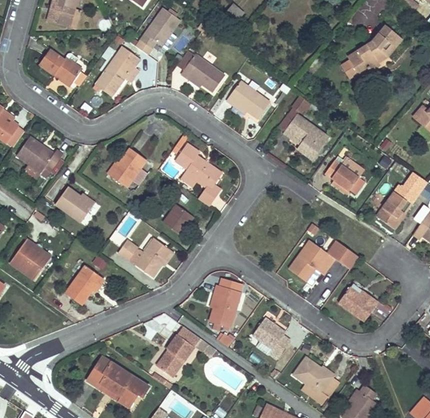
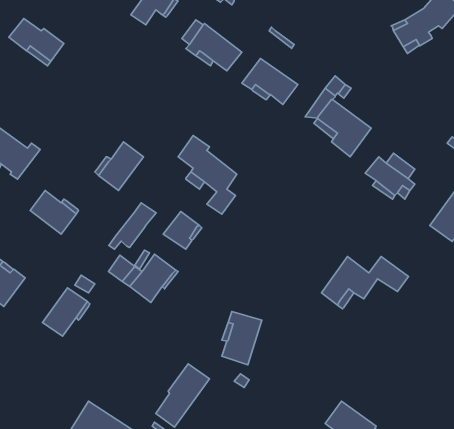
building: [94,46,142,97] -> none
building: none -> [109,203,156,249]
building: [339,286,390,320] -> none
building: [252,317,290,358] -> none

